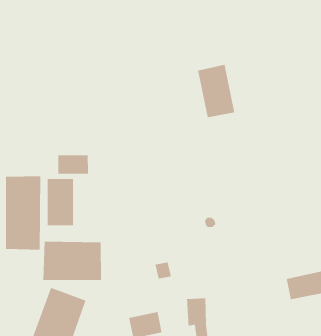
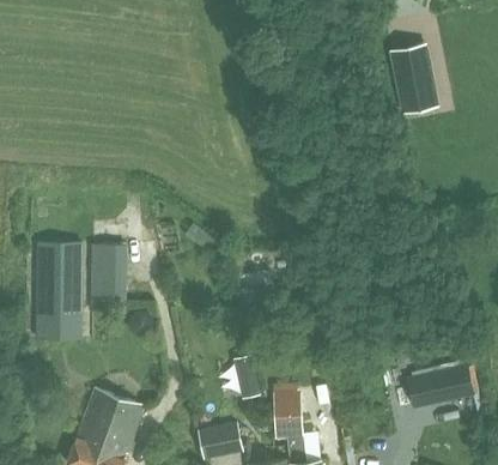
building: [197,64,235,118] -> [388,42,438,114]
building: [58,154,89,174] -> none
building: [43,241,102,281] -> none

